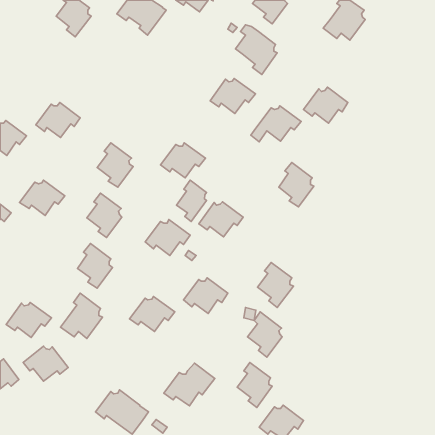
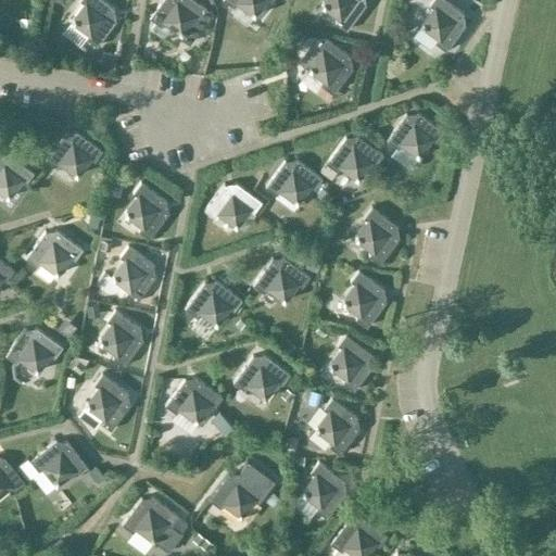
building: [210,78,255,114] -> [266,161,324,205]
building: [177,180,207,221] -> none
building: none -> [342,271,388,329]
building: [6,302,52,337] -> [7,329,64,374]

